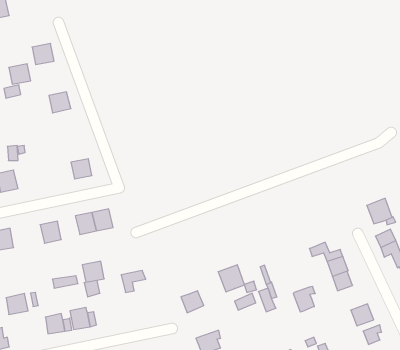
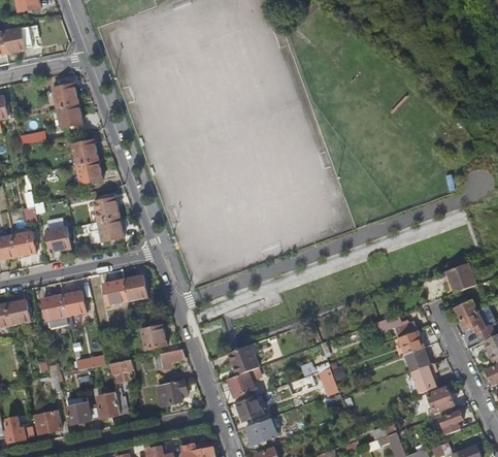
building: [9,64,31,84] -> [57,102,82,126]
building: none -> [76,158,102,183]
building: none -> [94,197,119,221]
building: none -> [45,226,69,252]
building: none -> [44,294,67,319]
building: [82,261,104,282] -> [140,324,166,349]
building: [218,265,244,292] -> [227,344,258,376]
building: [293,286,315,312] -> [409,364,435,394]
building: [6,293,28,314] -> [35,407,61,432]
building: none -> [156,380,187,404]
building: none -> [236,396,263,423]

